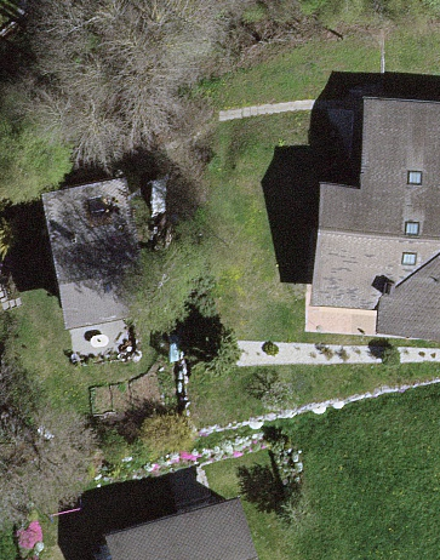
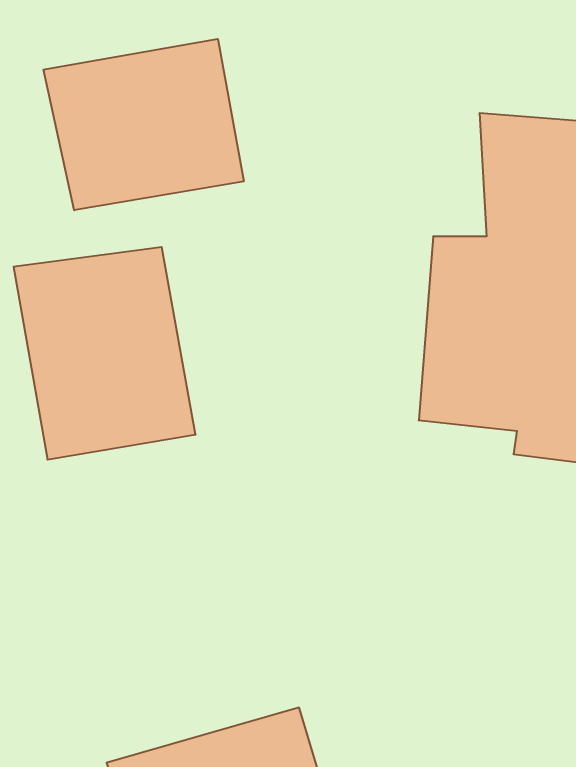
building: none -> [44,39,244,210]

